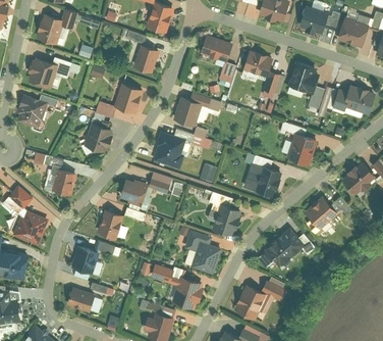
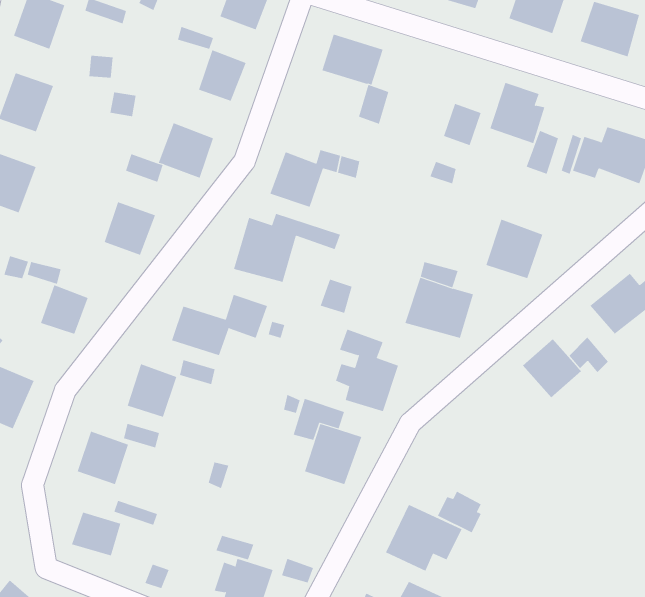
building: [242,51,272,78] -> none
building: [258,228,315,266] -> none
building: [149,263,203,308] -> none

